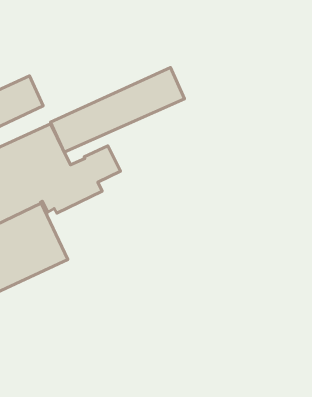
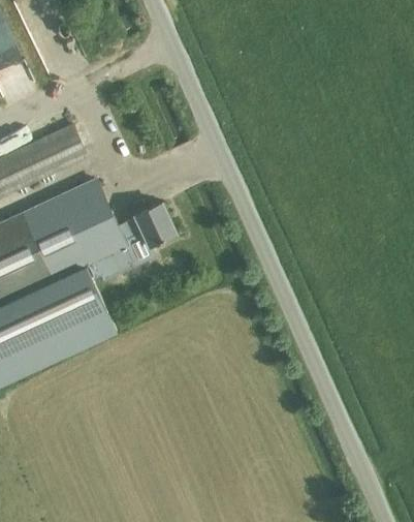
building: [50,67,185,152] -> none

